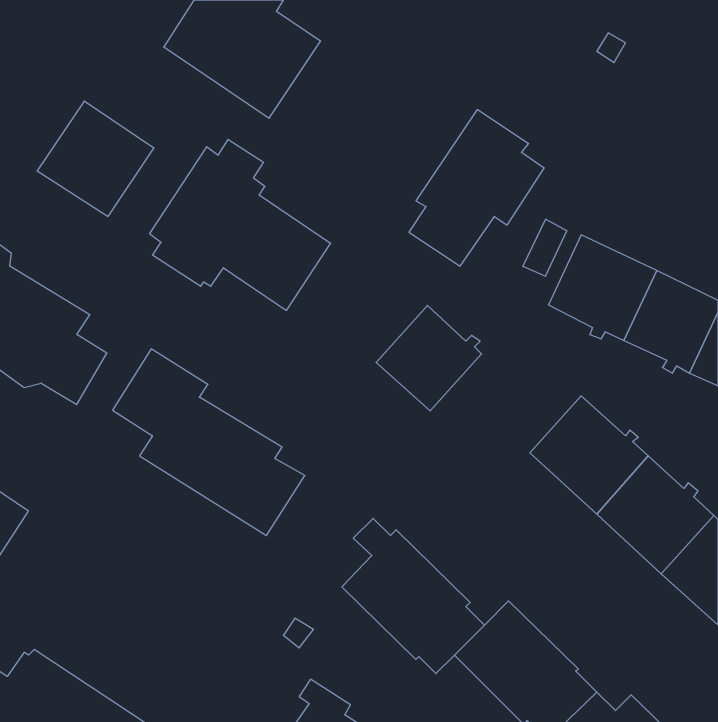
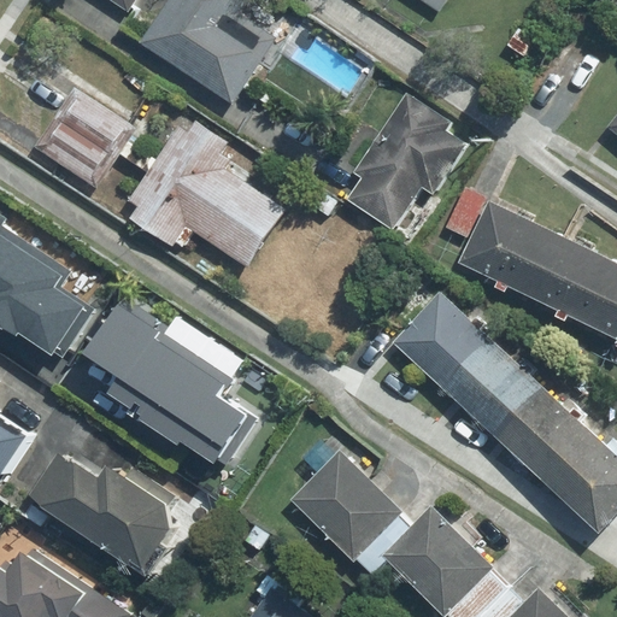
building: [376,305,482,411] -> [402,299,492,388]
building: none -> [27,454,169,574]

